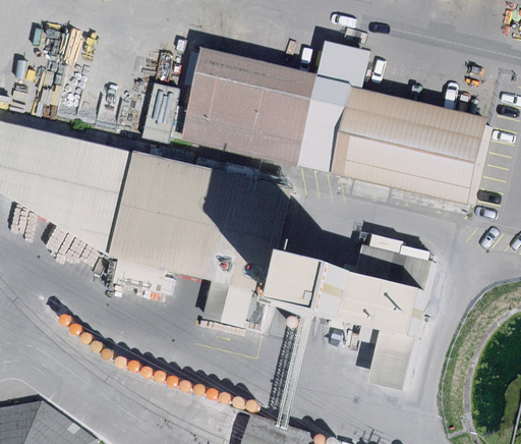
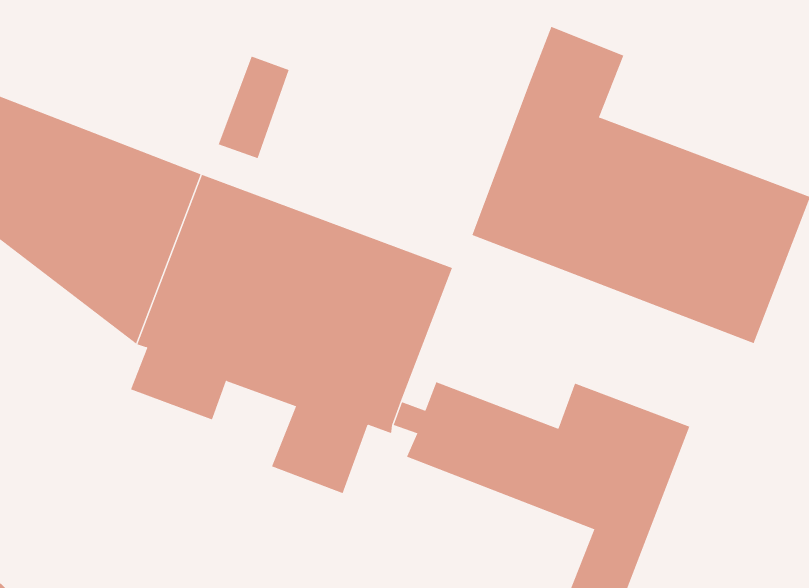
building: [174,45,312,165] -> none

